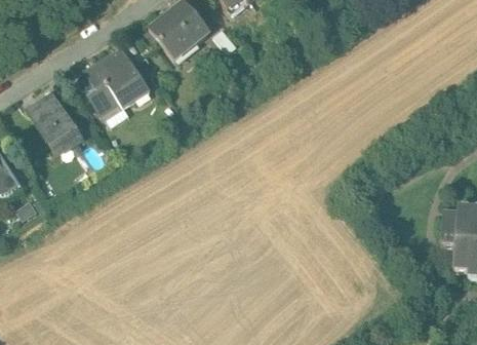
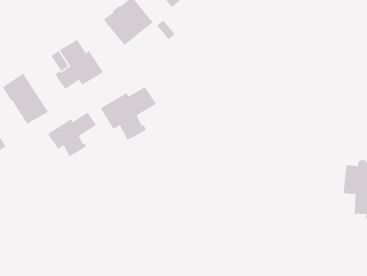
building: none -> [100,86,157,141]
building: none -> [47,112,97,157]

